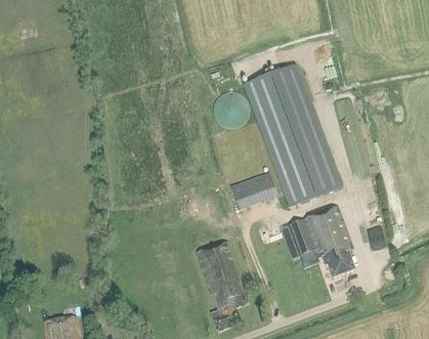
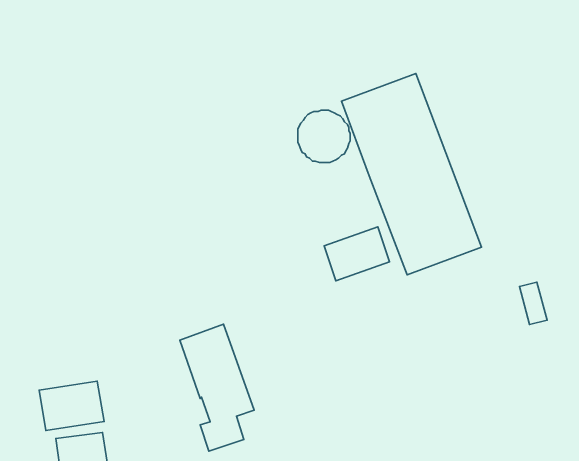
building: [282,206,355,278] -> none
building: [197,242,249,331] -> [180,324,254,451]
building: none -> [39,381,104,430]

